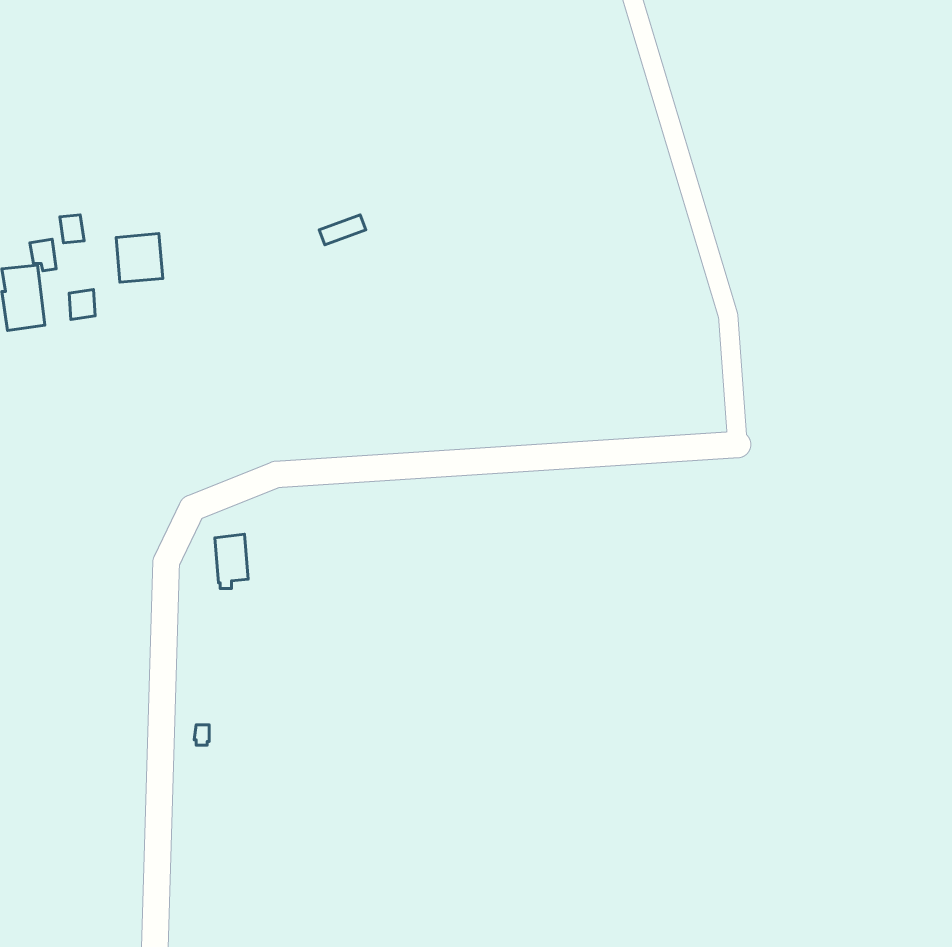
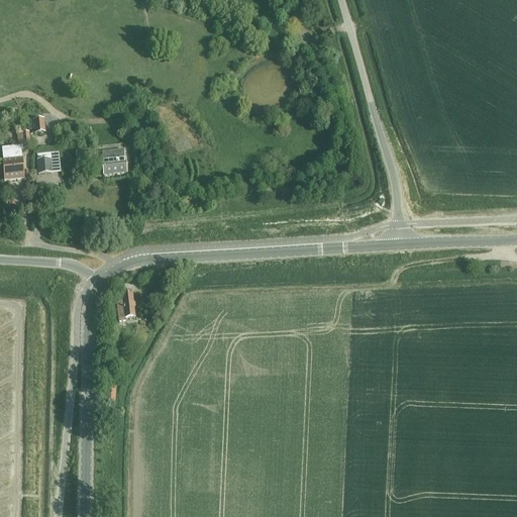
building: [116,234,163,282] -> [102,147,127,174]

